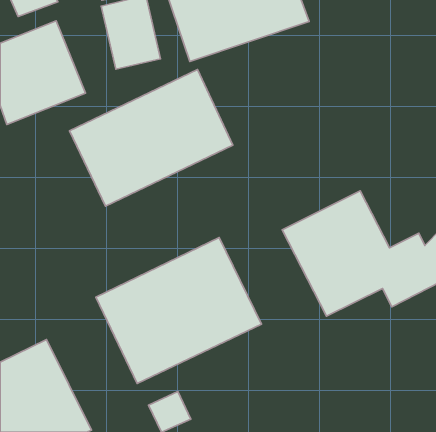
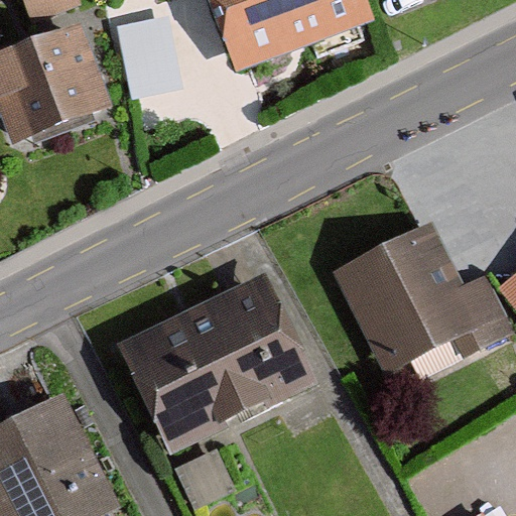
building: [70,69,233,206] -> none

